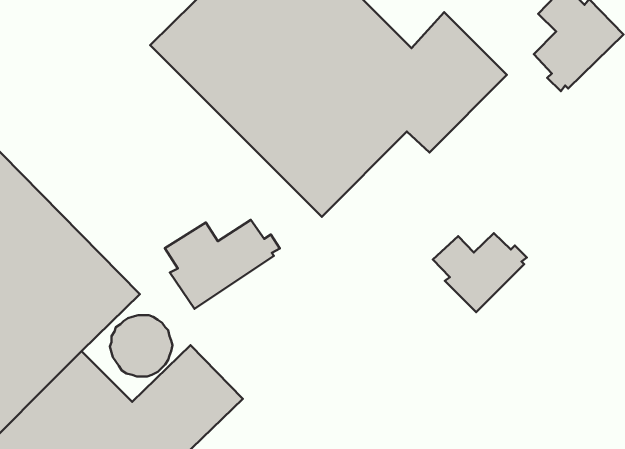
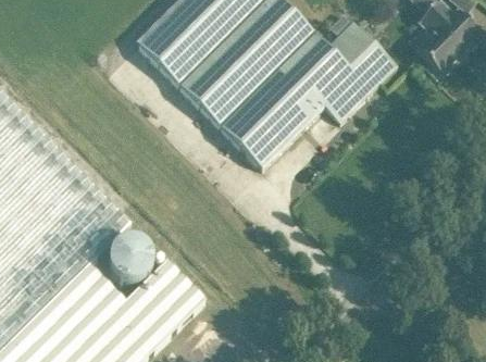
building: [165,220,280,309] -> none
building: [433,233,527,312] -> none

